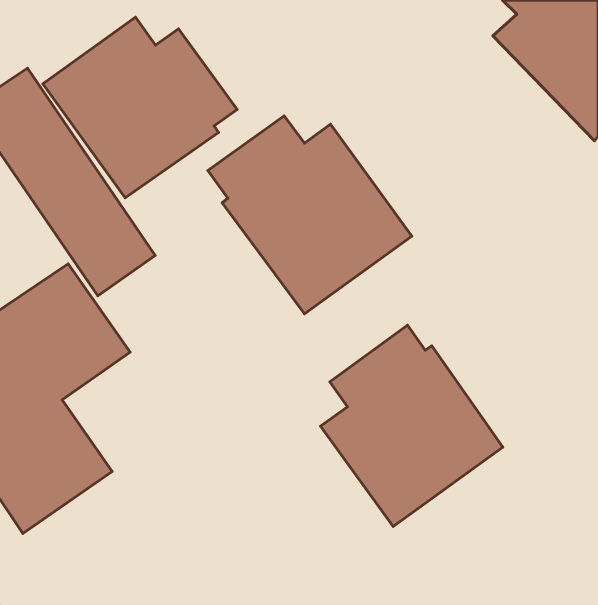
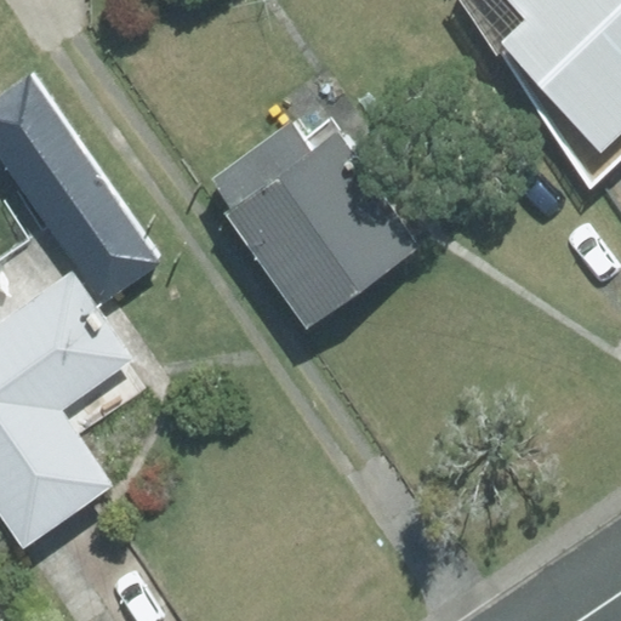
building: [43,17,237,198] -> none
building: [320,325,503,527] -> none

